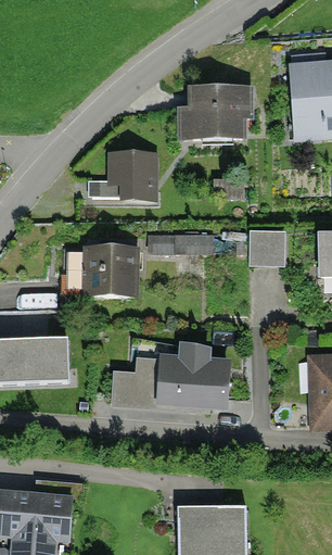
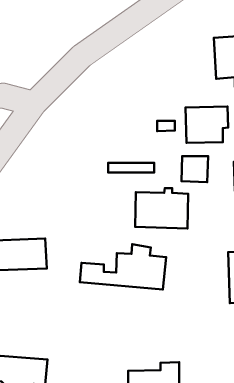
building: [192,87,250,136] -> [186,107,228,143]
building: [89,152,158,202] -> none
building: [64,240,136,294] -> [135,188,188,228]

